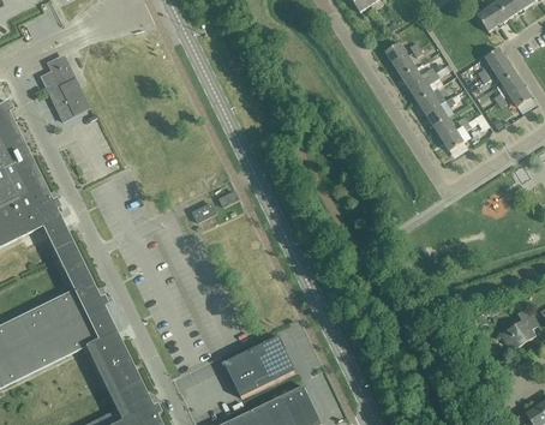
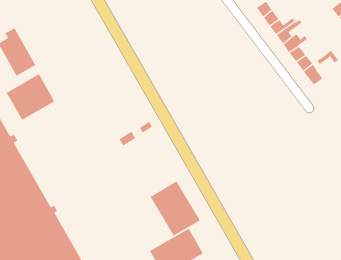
building: none -> [6,73,56,121]
building: none -> [150,180,201,237]

